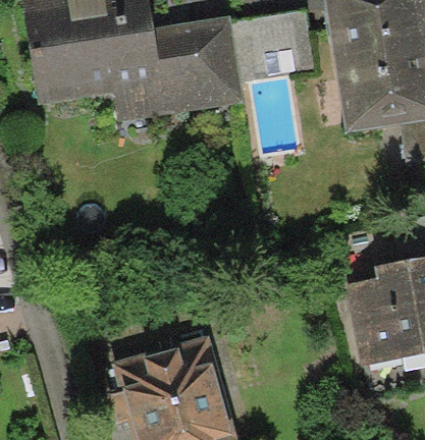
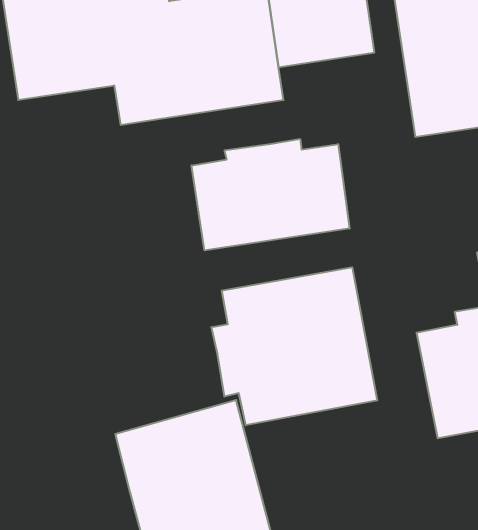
building: none -> [192,139,350,250]
building: none -> [211,267,377,425]

